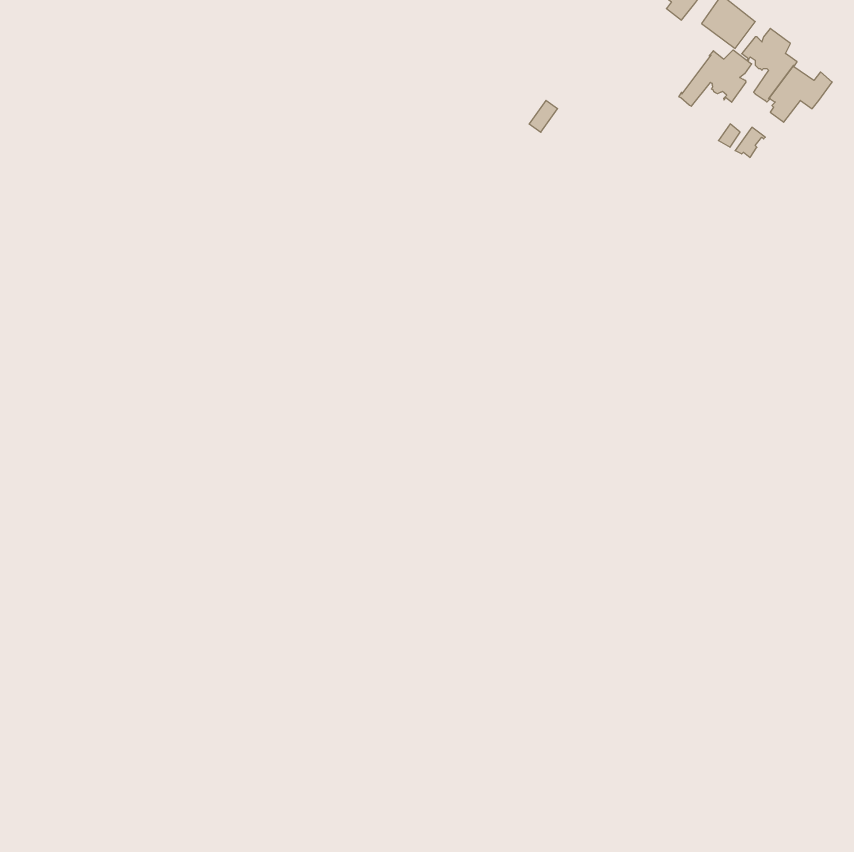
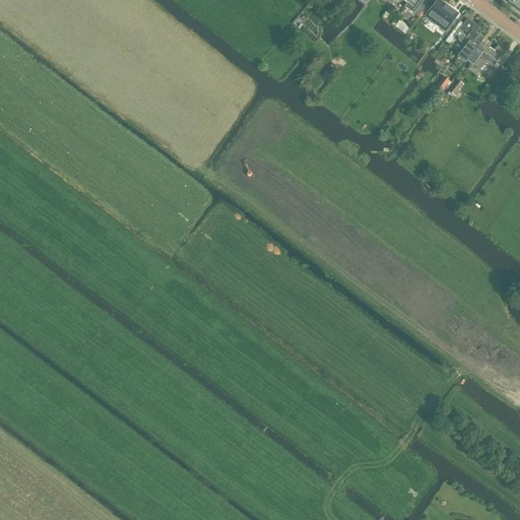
building: [679,50,752,106] -> none

